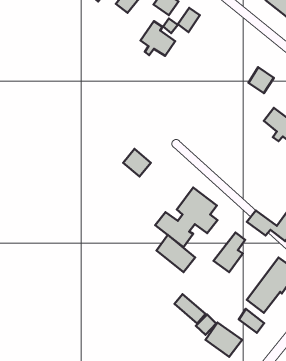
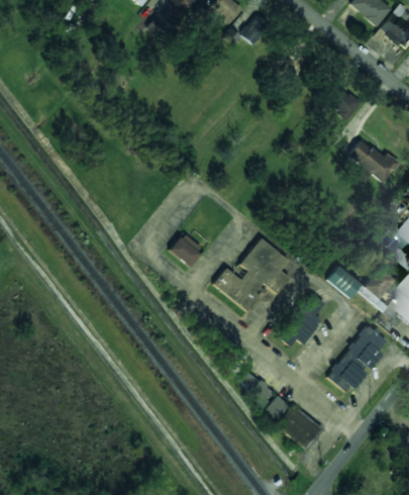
building: [141,21,175,56] -> none
building: [123,149,151,177] -> [168,232,202,267]
building: [156,235,195,272] -> none
building: [239,309,264,333] -> none

